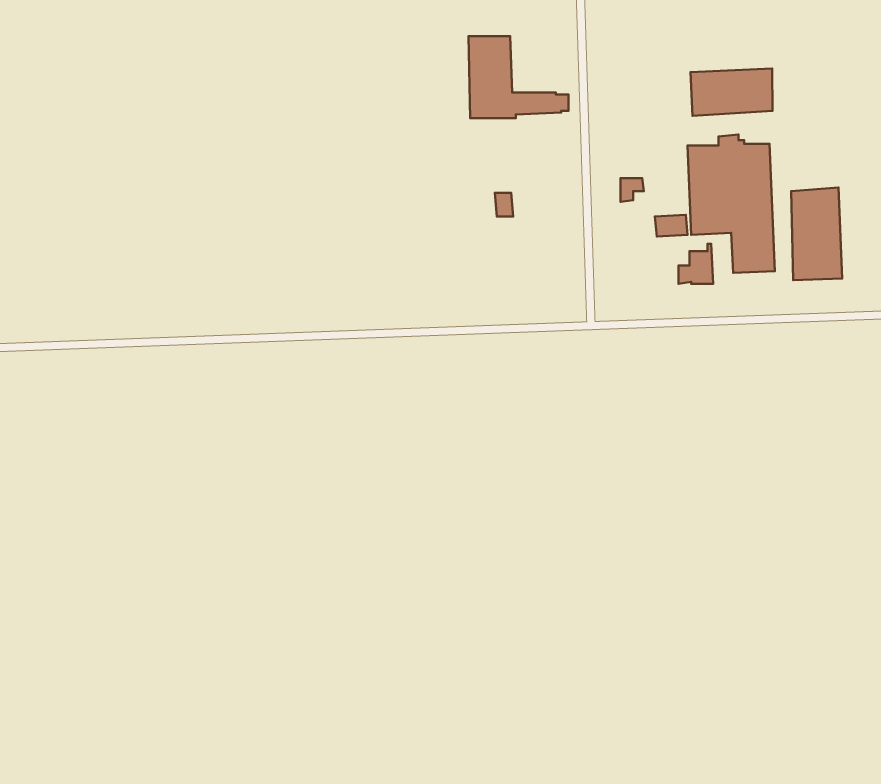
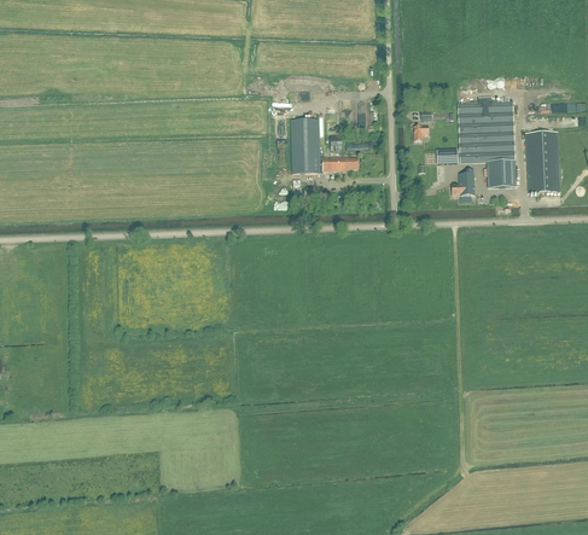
building: [468,36,568,118] -> [291,118,357,173]
building: [690,69,772,116] -> none

